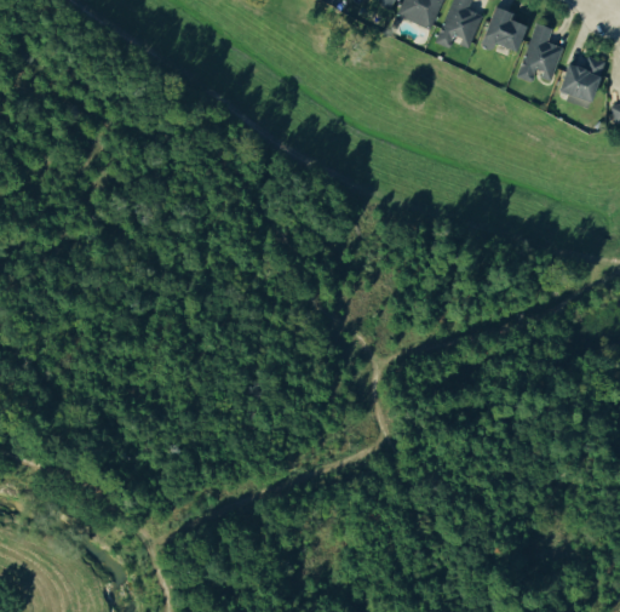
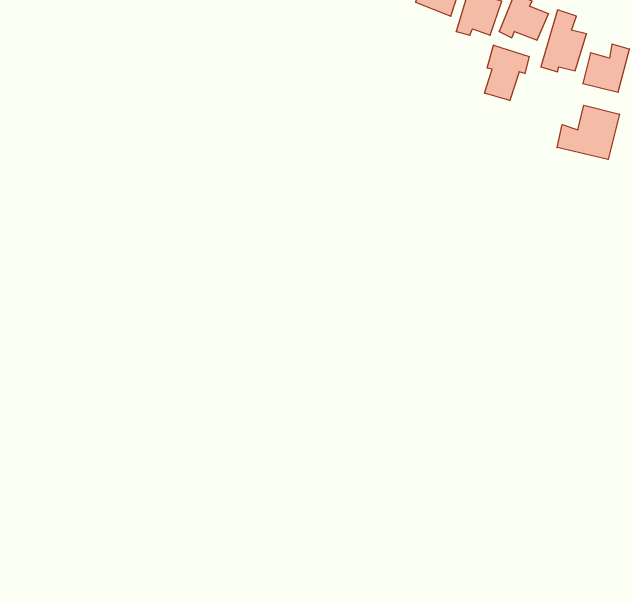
building: none -> [485,45,529,101]
building: none -> [557,105,619,160]

